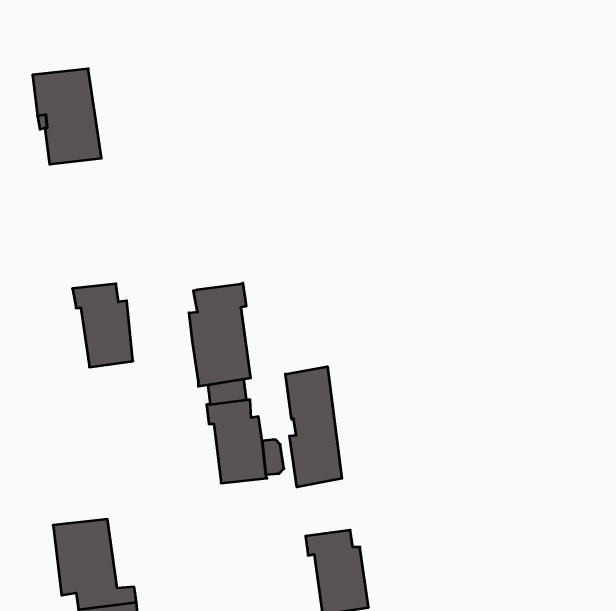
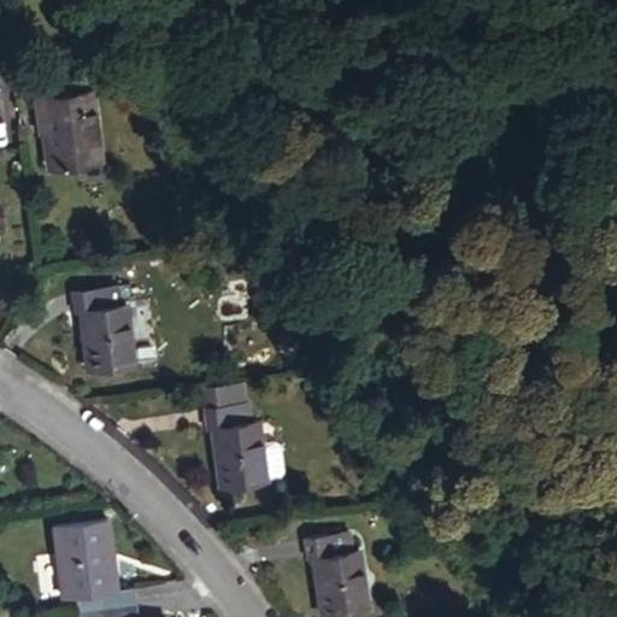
building: [189,283,251,386] -> none
building: [285,367,342,487] -> none

